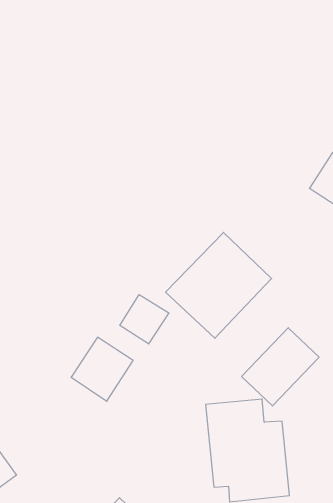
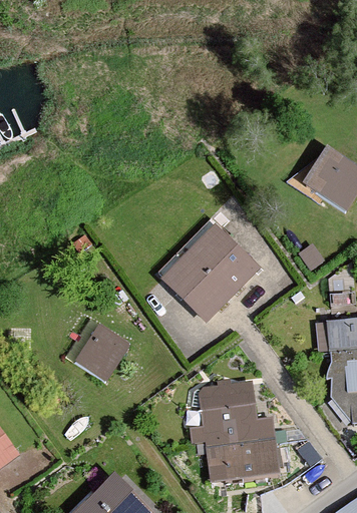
building: [120,295,169,344] -> none
building: [242,328,319,406] -> none

